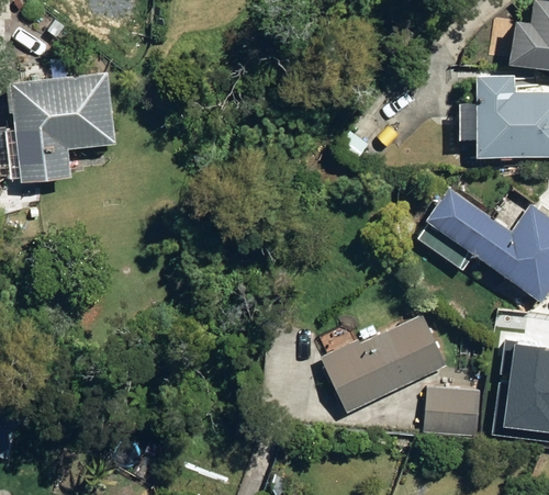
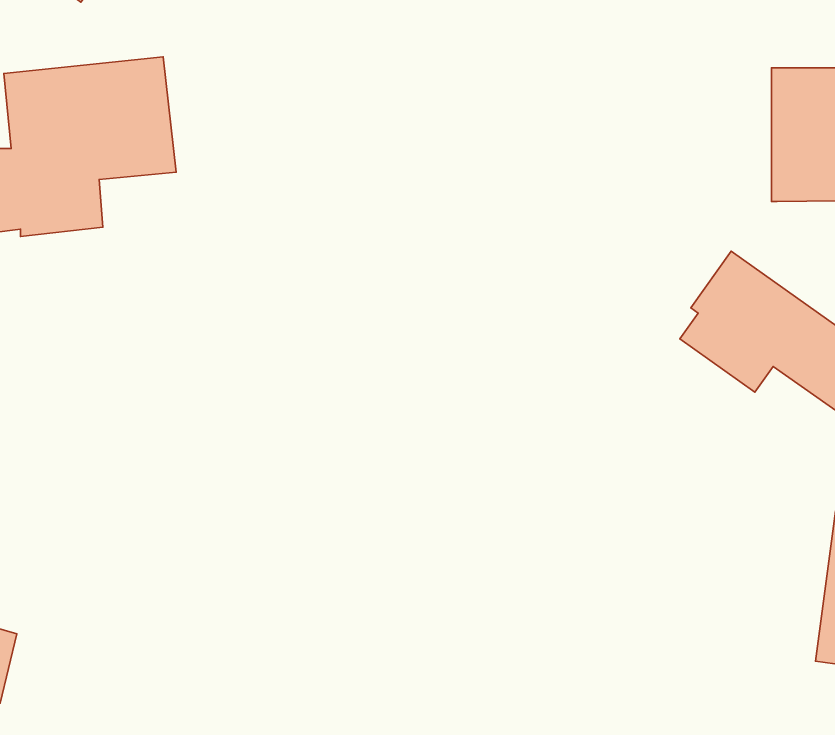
building: [322,313,447,410] -> none
building: [426,387,482,435] -> none

